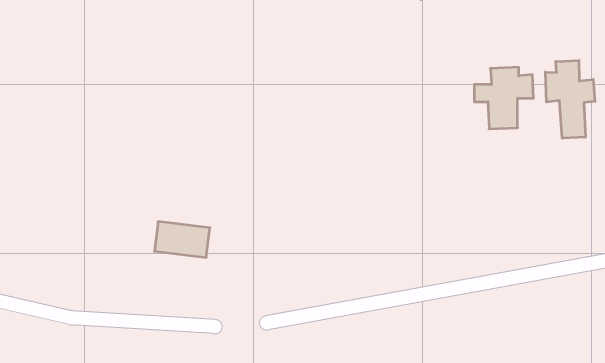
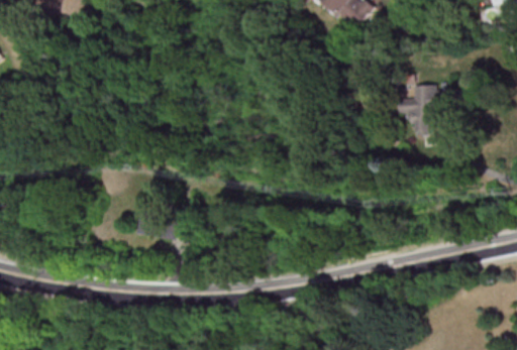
building: [545,60,595,138] -> none

